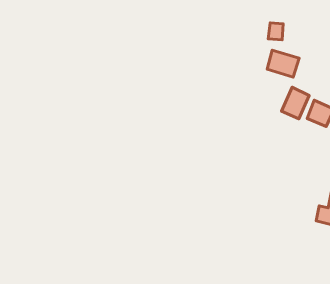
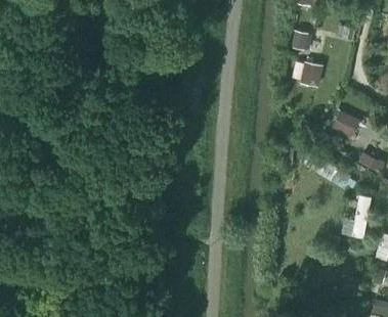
building: [281,87,309,119] -> none

